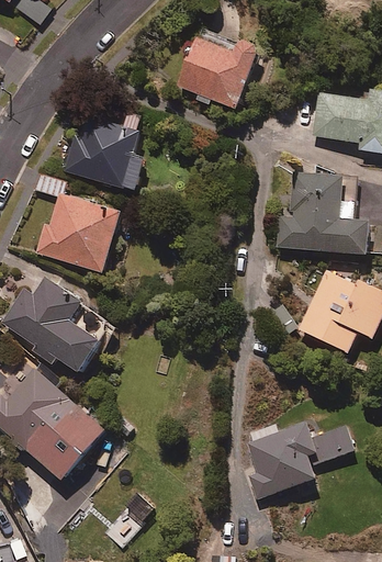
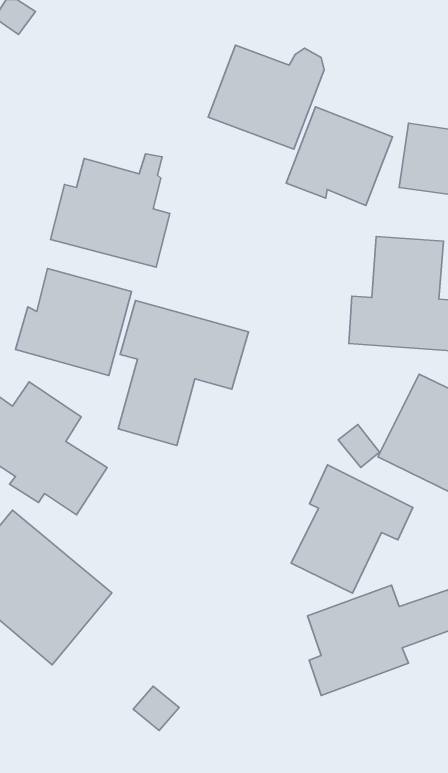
building: none -> [286,107,393,205]
building: none -> [118,300,248,445]
building: none -> [291,465,413,593]

